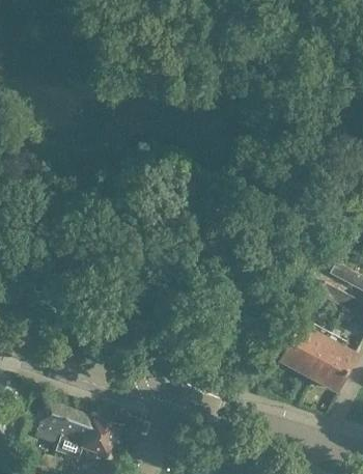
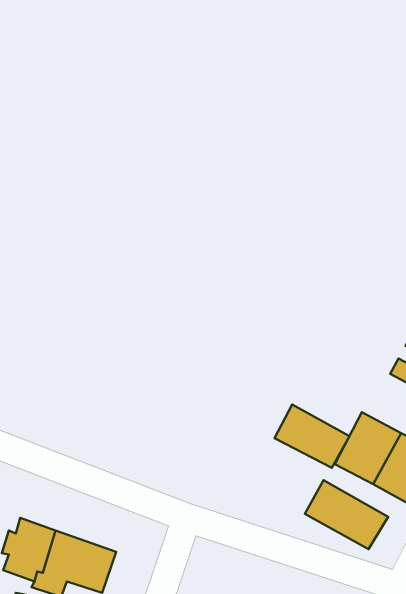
building: none -> [274,405,349,468]
building: none -> [305,480,388,549]

